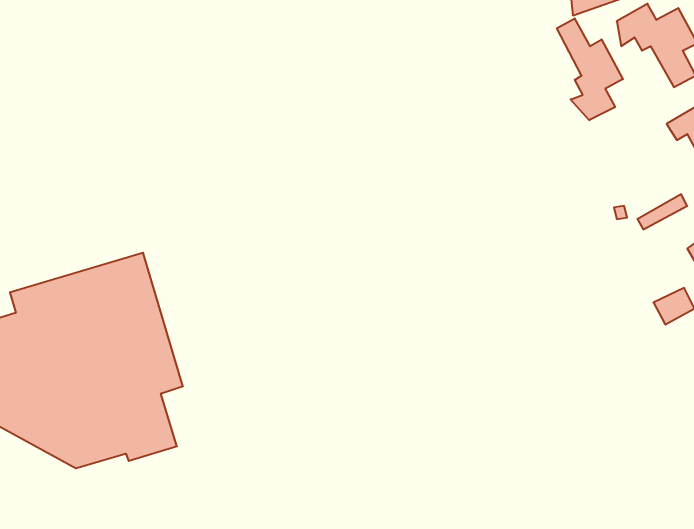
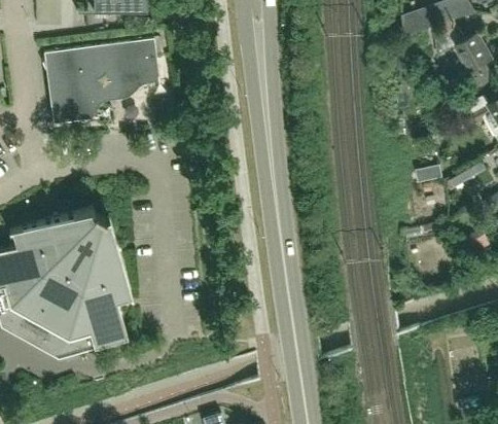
building: none -> [43,38,161,125]
building: [557,18,623,120] -> none

